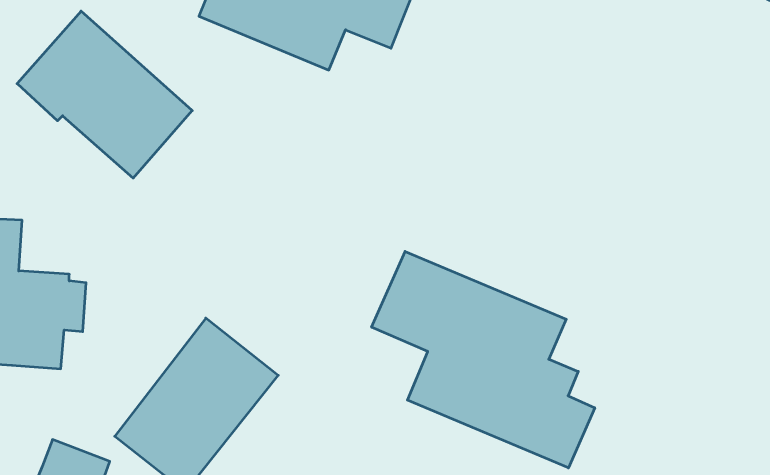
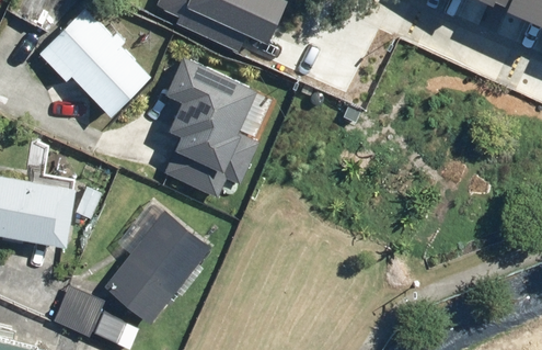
building: none -> [164,59,266,200]
building: [372,251,595,468] -> none

